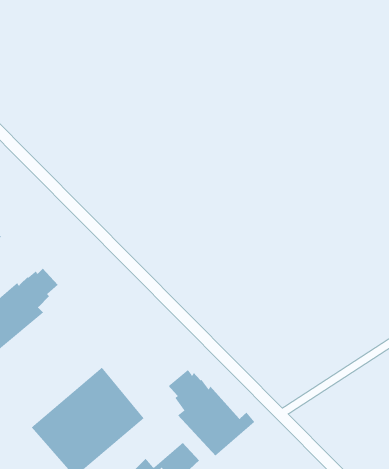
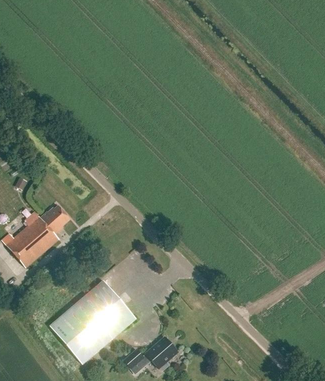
building: [168,369,255,457] -> none

